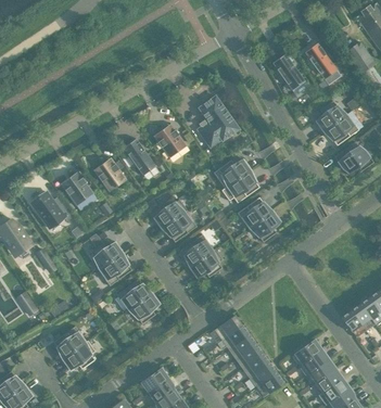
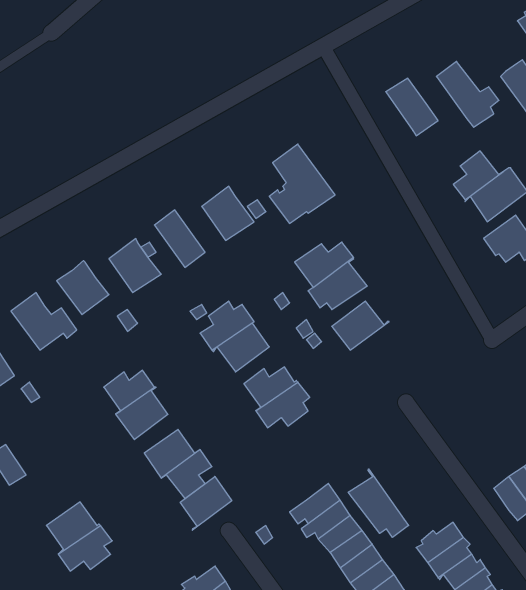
building: [250,209,282,242] -> none
building: none -> [348,469,409,537]
building: none -> [180,476,232,530]

